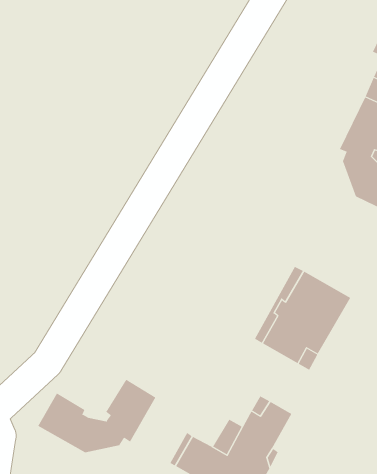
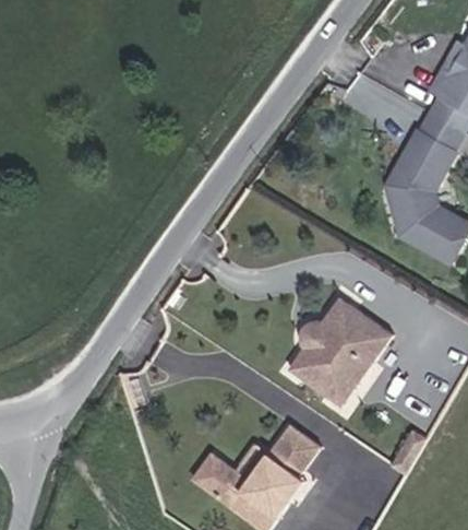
building: [37,379,156,453] -> none

